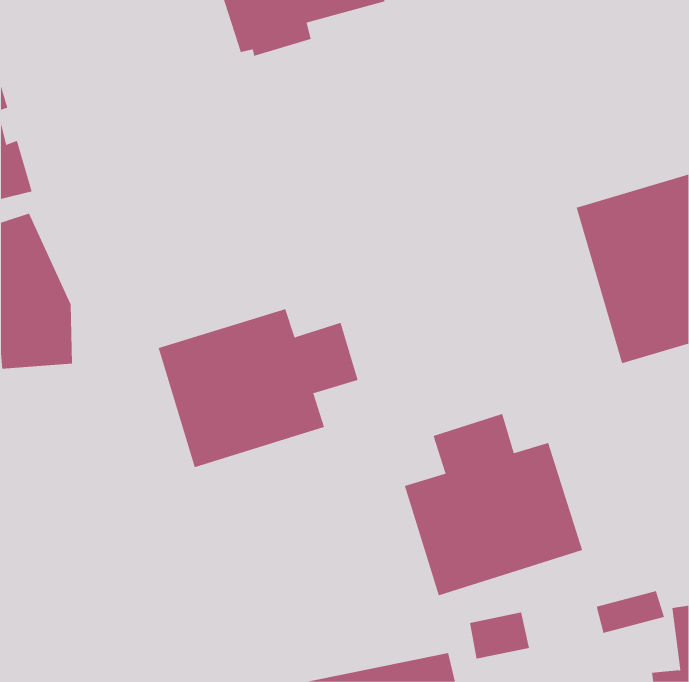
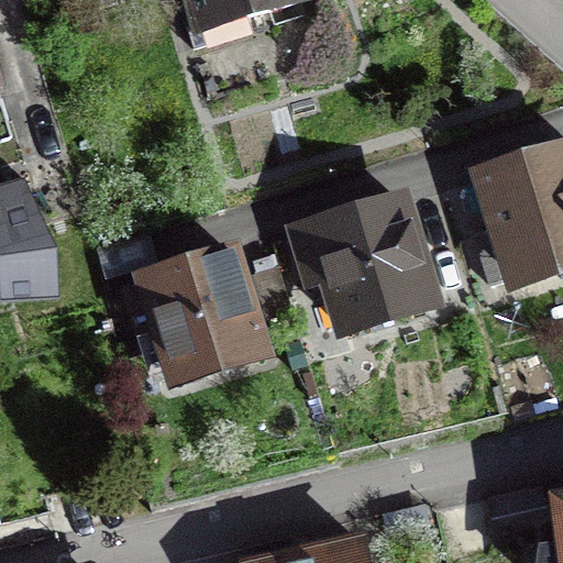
building: none -> [297,199,433,325]
building: [404,413,583,596] -> none

